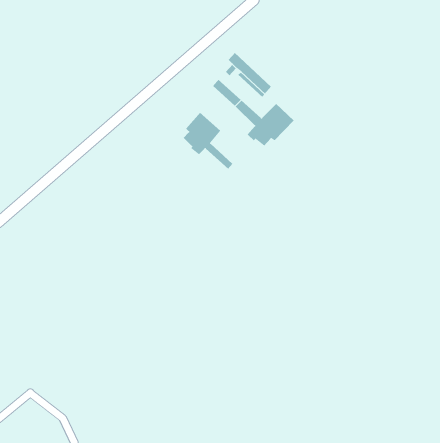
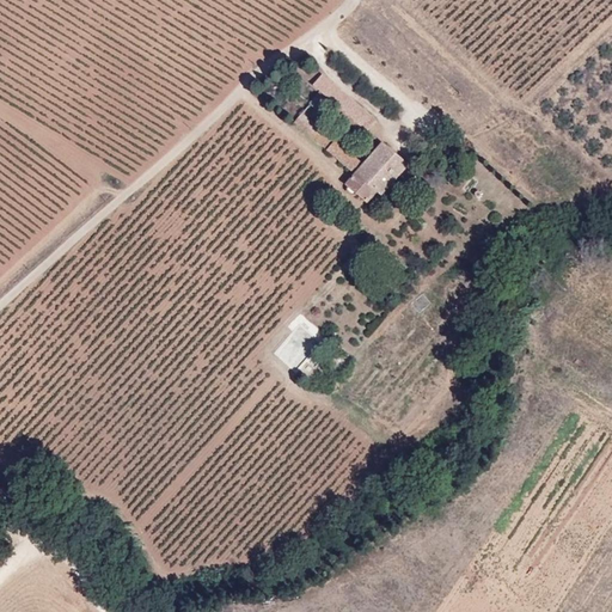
building: [183,112,233,170] -> none

